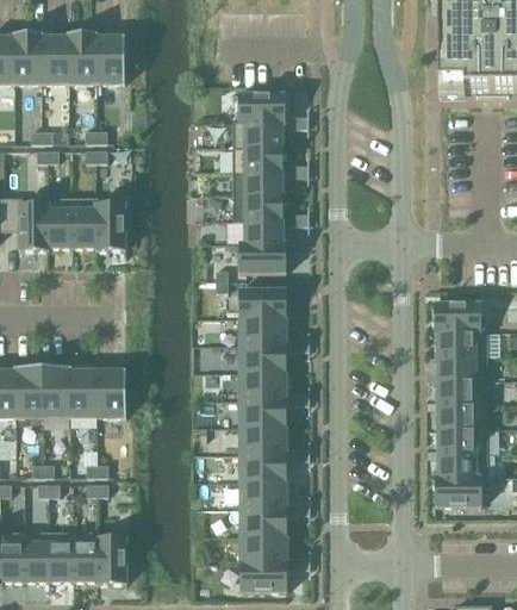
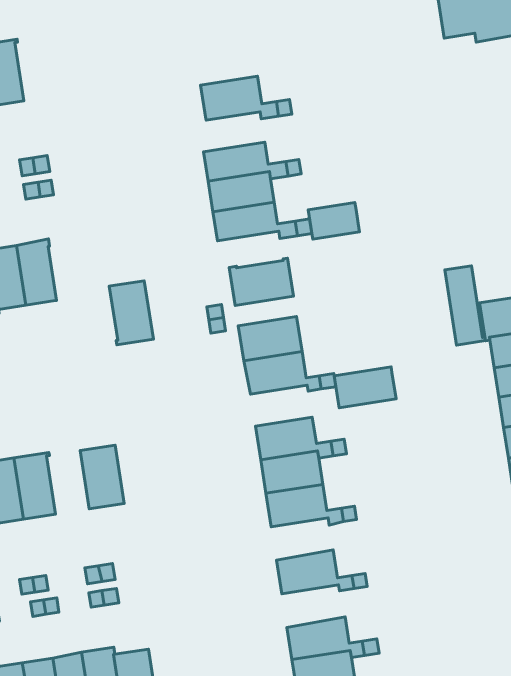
building: [95,36,124,83] -> none
building: [232,120,282,147] -> none
building: [95,203,125,250] -> [109,281,153,345]
building: [244,219,282,243] -> [308,203,359,239]
building: none -> [445,266,486,345]
building: [239,346,286,372] -> [334,367,396,408]
building: [69,369,96,417] -> none
building: [239,454,286,481] -> none
building: [239,509,287,536] -> none

